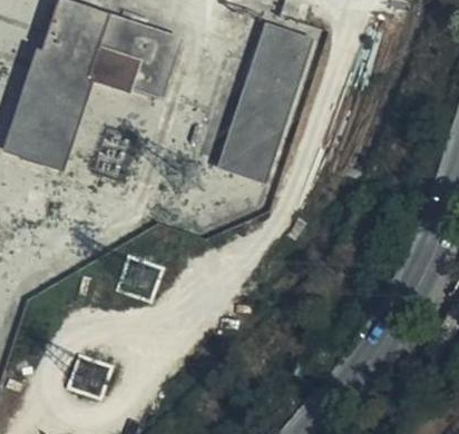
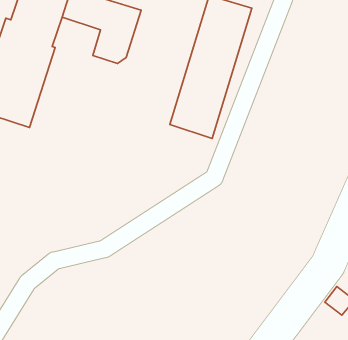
building: [87,46,141,96] -> none

